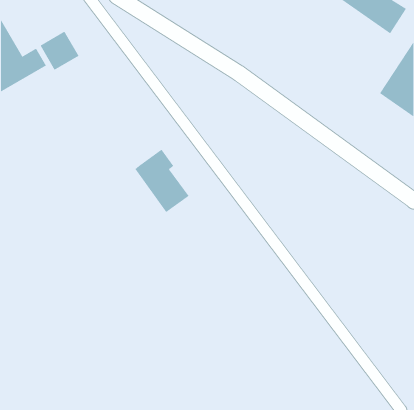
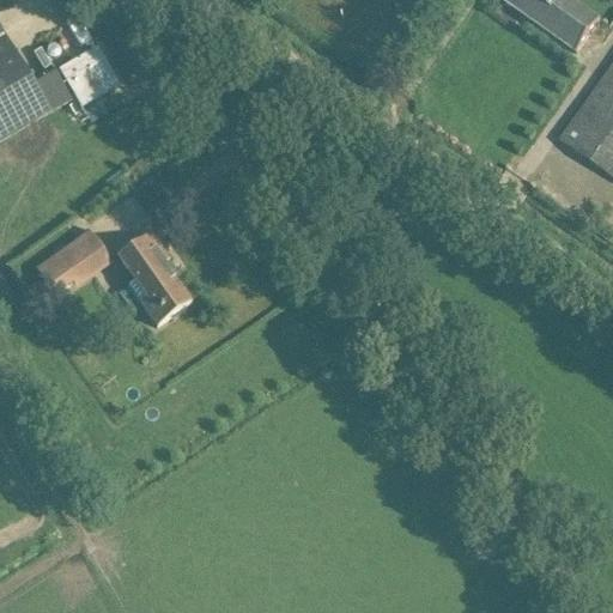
building: [134,149,189,213] -> [110,230,192,324]
building: none -> [38,229,107,290]

